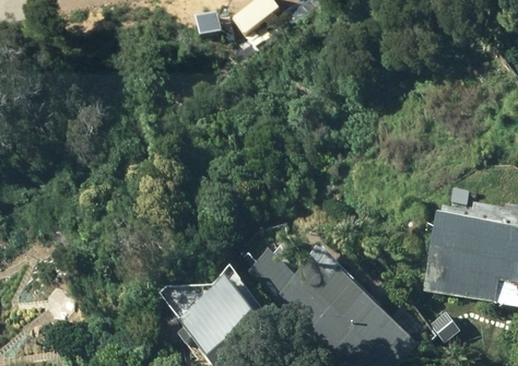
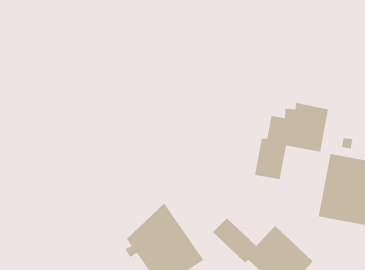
building: none -> [254,102,328,180]

